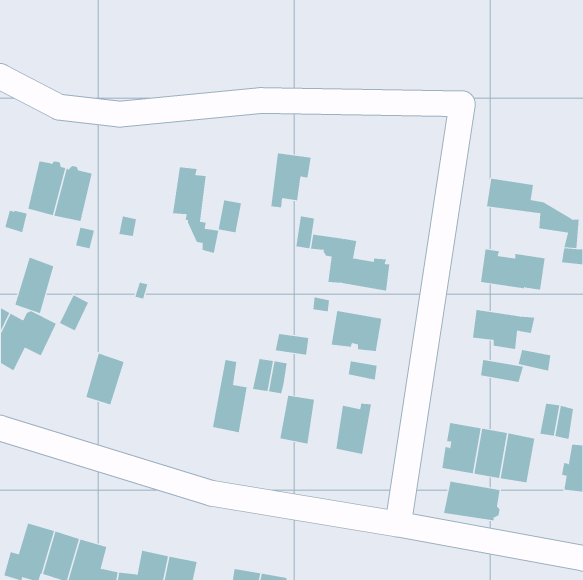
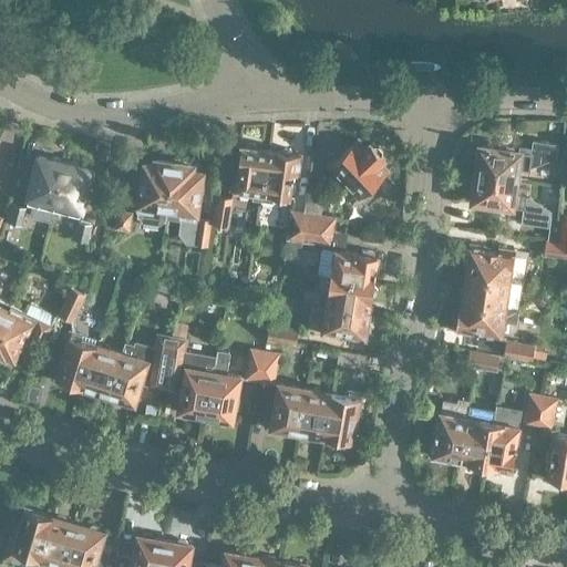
building: none -> [329,141,389,202]
building: none -> [476,144,557,183]
building: none -> [230,147,269,204]
building: none -> [136,163,174,227]
building: none -> [303,202,336,235]
building: [14,257,54,314] -> [58,333,96,389]
building: none -> [462,277,509,310]
building: none -> [327,278,375,312]
building: none -> [164,338,217,417]
building: none -> [107,343,156,405]
building: none -> [299,391,332,439]
building: [444,481,500,521] -> none

